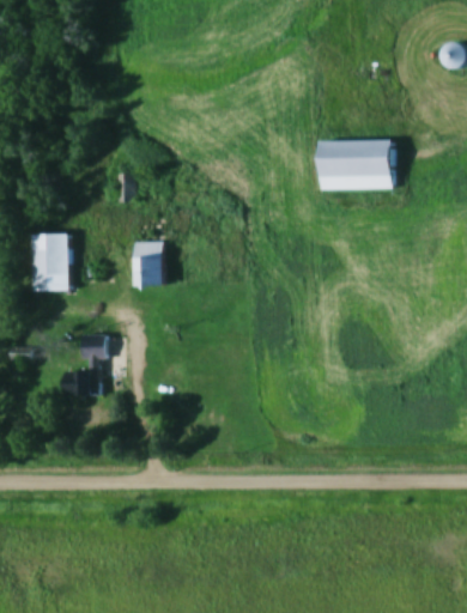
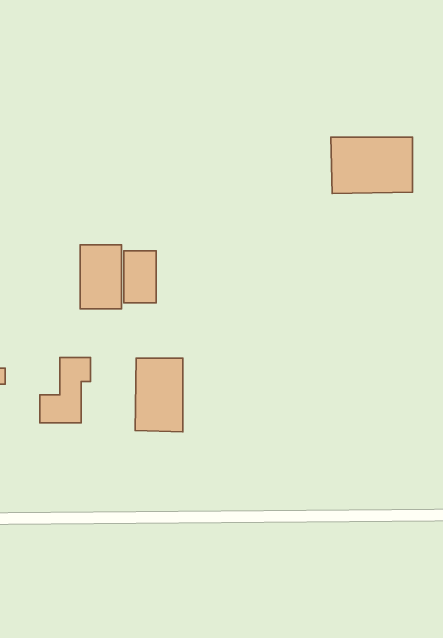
building: [34,235,71,292] -> [80,245,121,309]
building: none -> [135,358,183,432]

